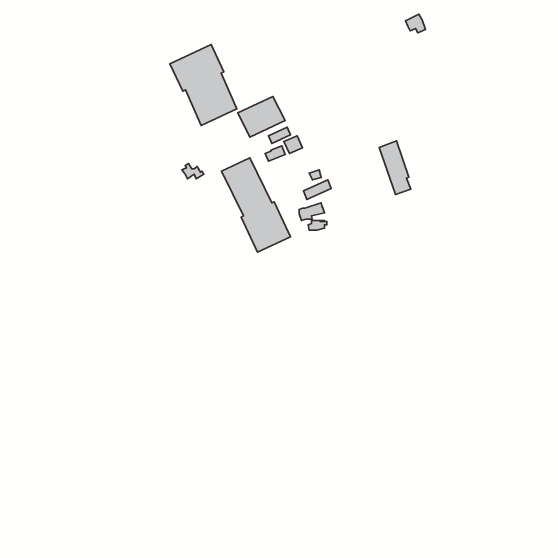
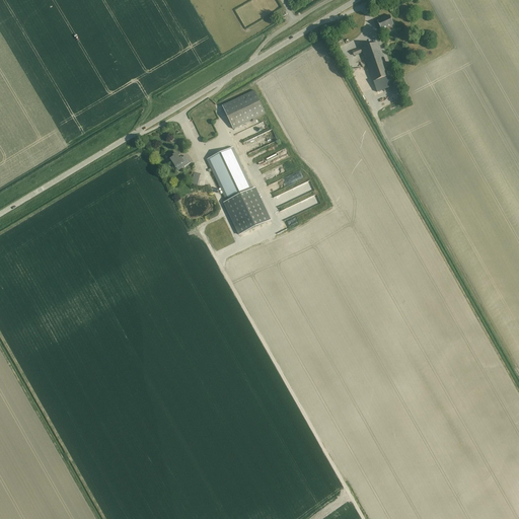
building: [170,44,237,126] -> none
building: [379,141,411,195] -> [360,41,389,90]

